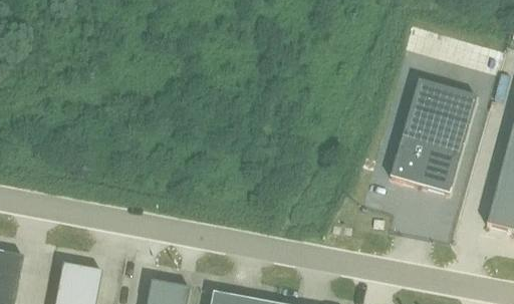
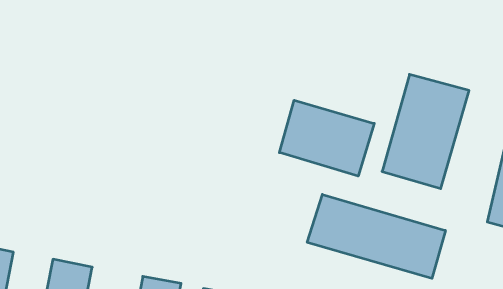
building: none -> [279,100,374,176]
building: none -> [307,194,445,278]

